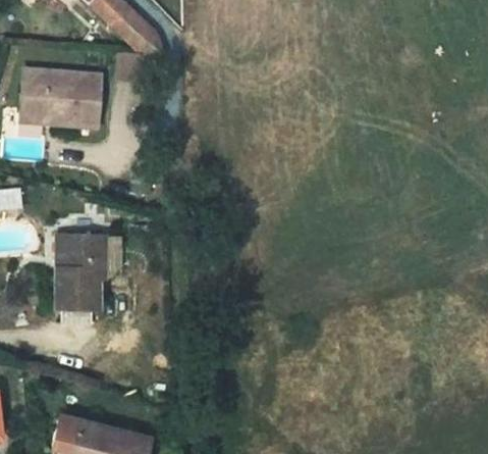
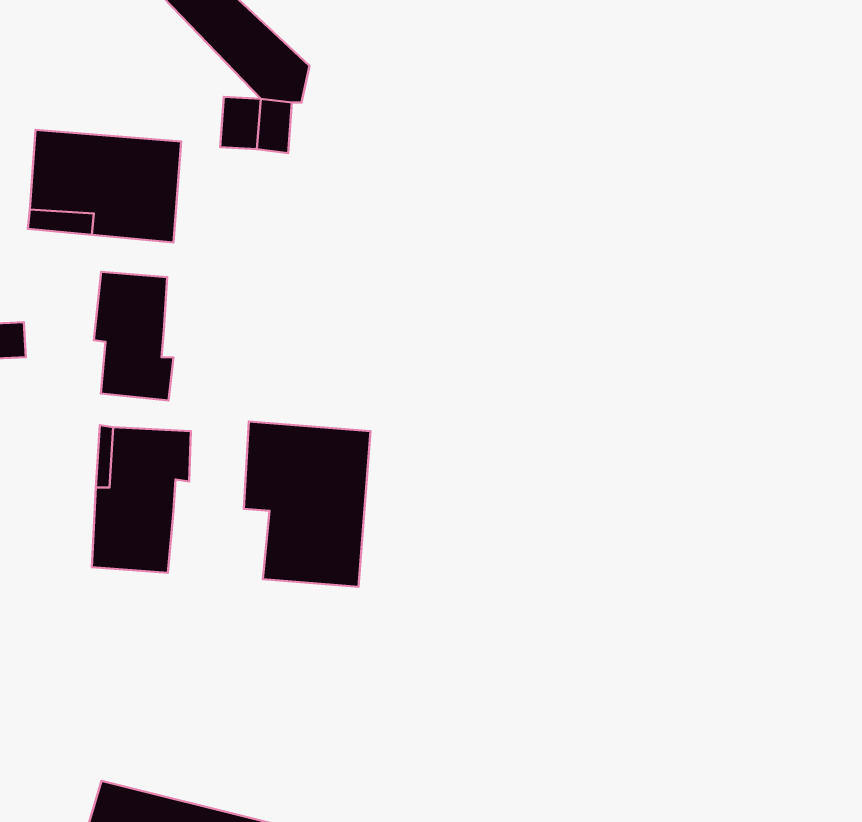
building: none -> [94,272,173,401]
building: none -> [244,422,370,587]

